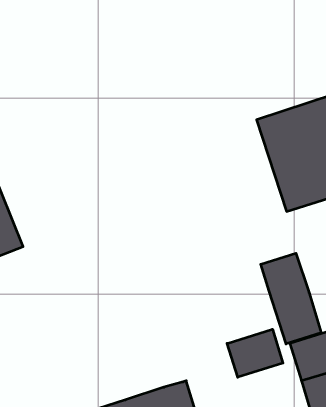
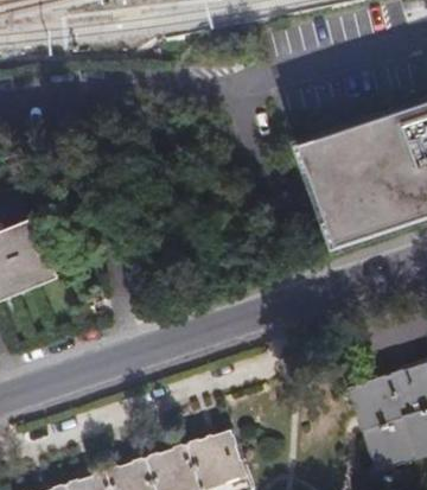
building: [261,253,321,344] -> none
building: [227,329,283,377] -> none

